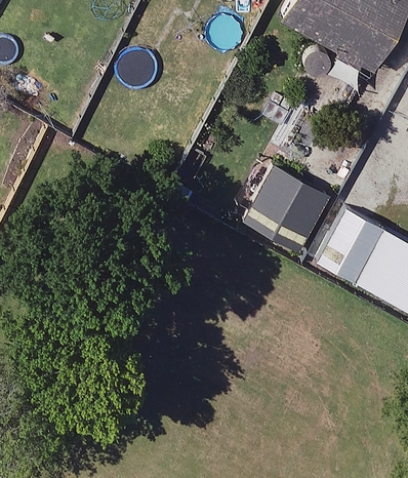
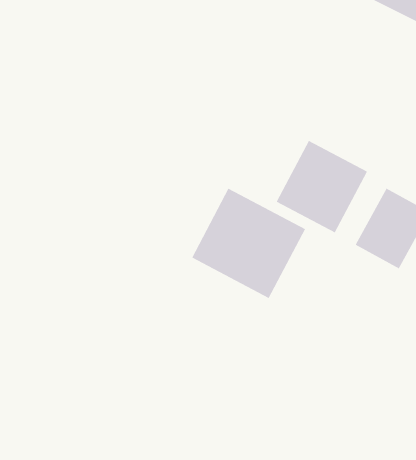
building: none -> [191,188,306,299]

